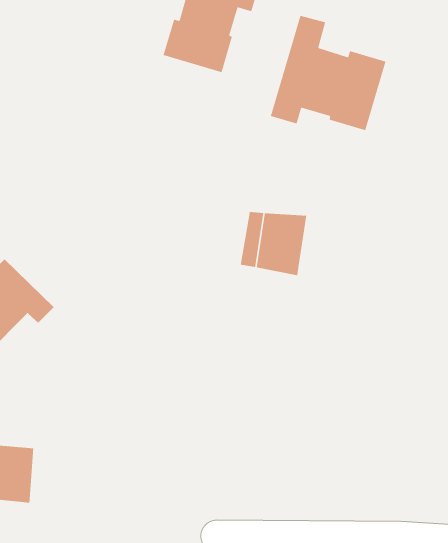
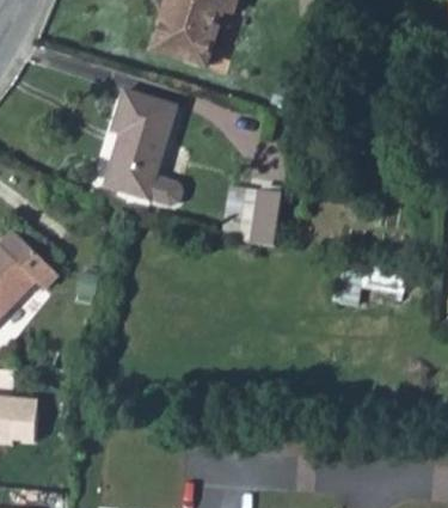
building: [270,15,387,131] -> none
building: none -> [104,91,182,207]

